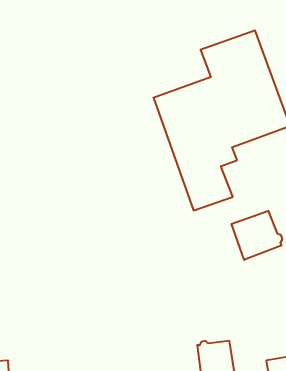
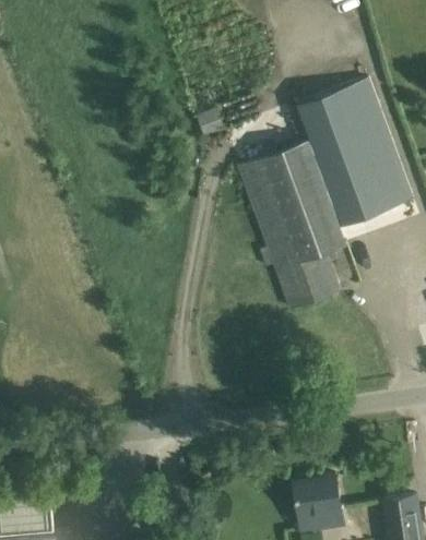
building: [231,211,282,260] -> none

